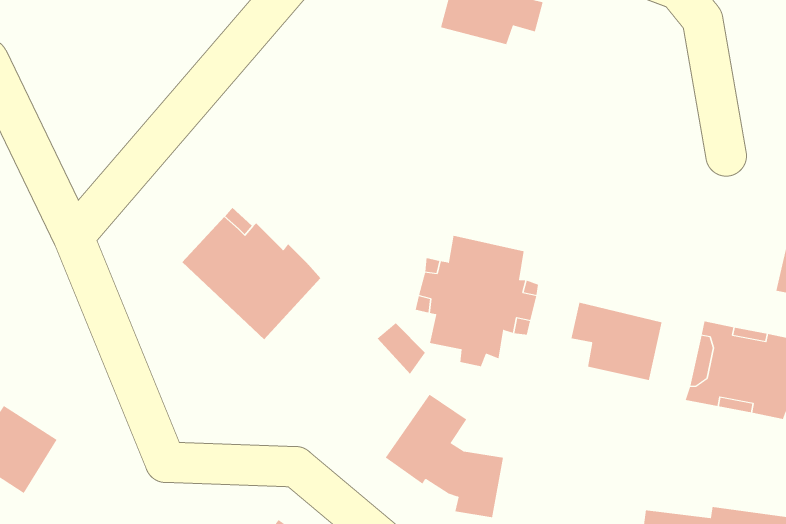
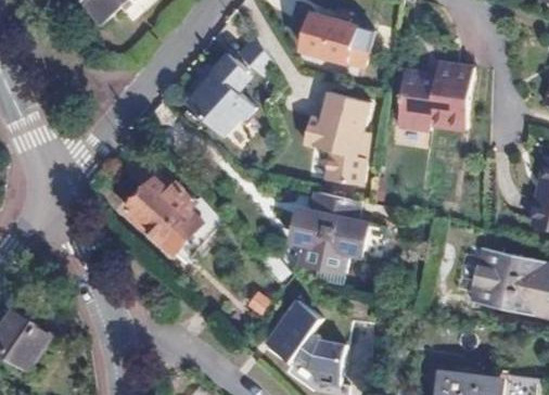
building: none -> [181,53,259,145]
building: none -> [398,65,474,136]
building: none -> [301,93,373,188]
building: [571,302,662,381] -> none

